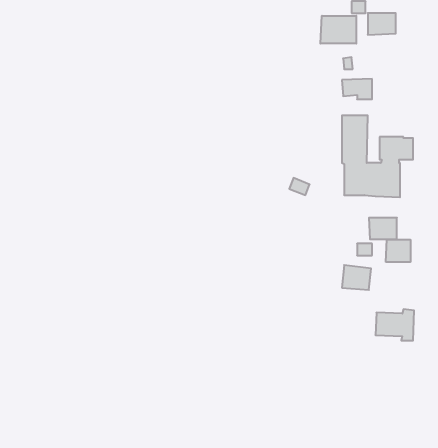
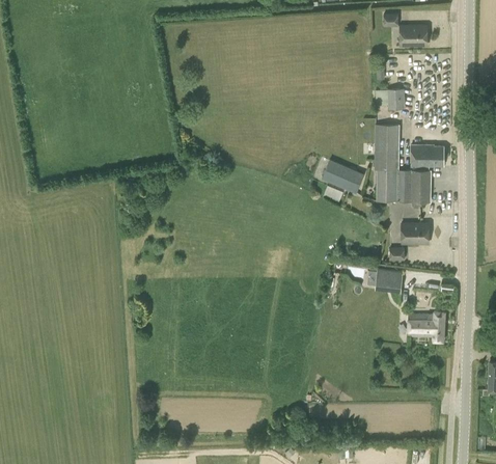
building: [320,16,356,44] -> none
building: none -> [321,159,364,192]
building: [386,240,410,262] -> none

